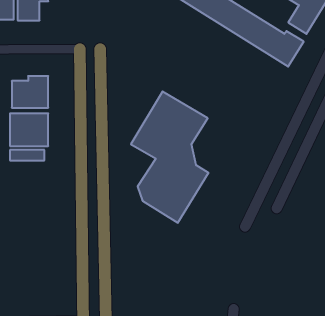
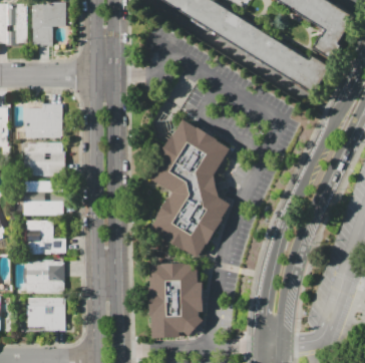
building: none -> [24,195,65,215]
building: none -> [28,221,65,254]
building: none -> [24,262,63,293]
building: none -> [149,263,200,336]
building: none -> [29,297,65,328]

